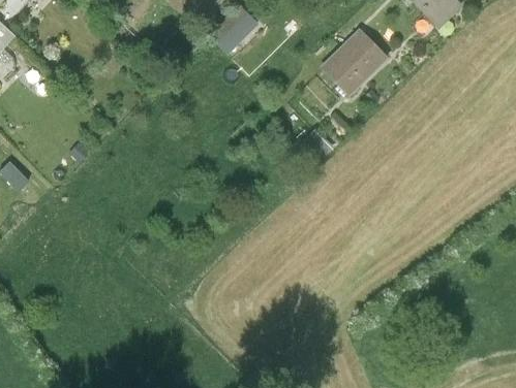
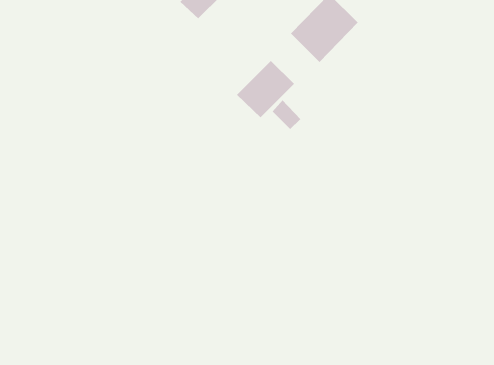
building: none -> [236,60,295,118]

